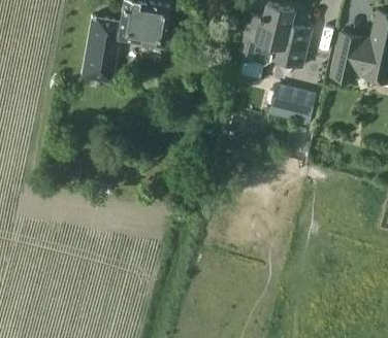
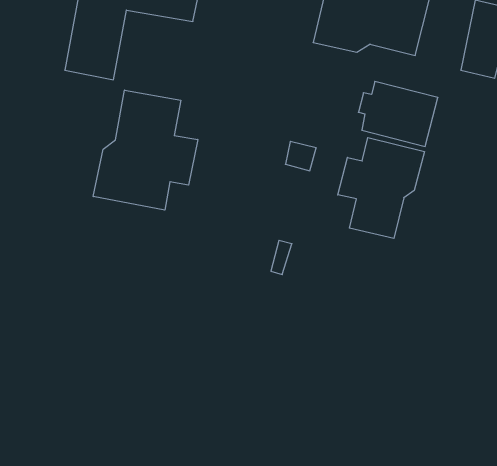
building: none -> [93,90,198,210]
building: none -> [338,138,424,238]

